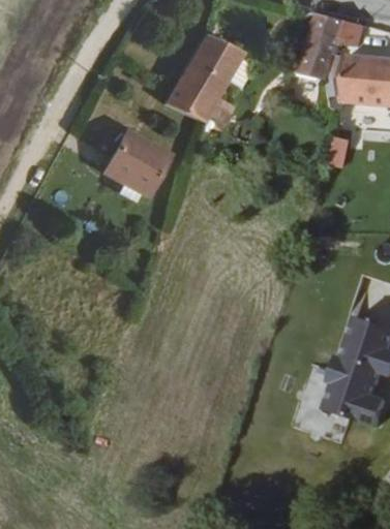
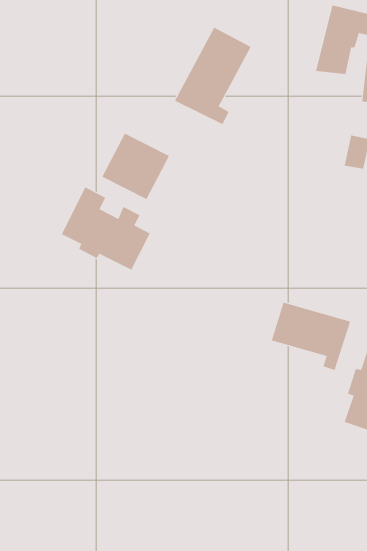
building: none -> [61,186,151,271]
building: none -> [271,302,351,371]

